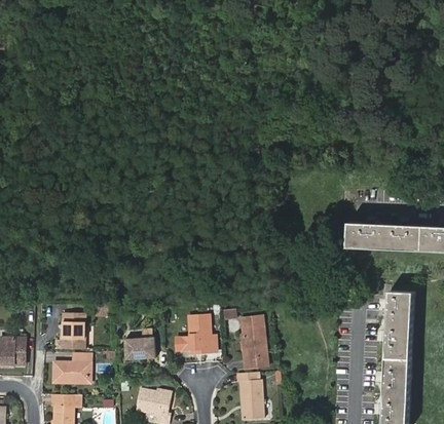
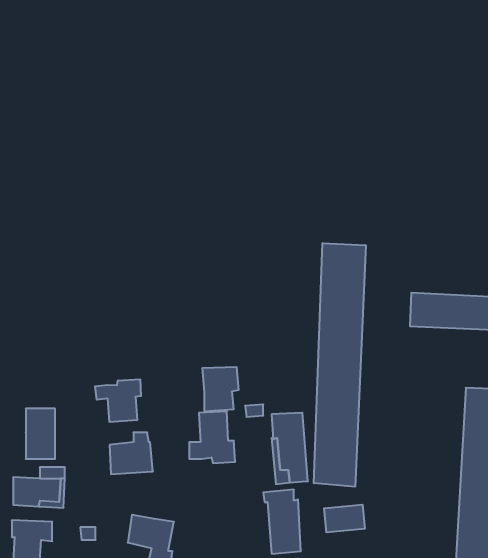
building: none -> [314,243,366,487]
building: none -> [202,367,239,412]
building: none -> [95,379,141,422]
building: none -> [324,505,365,532]

